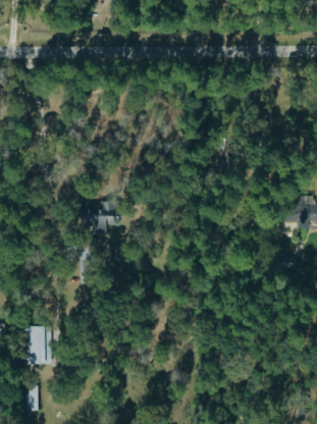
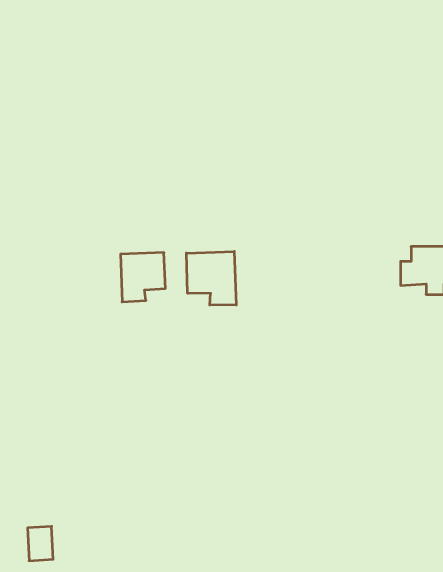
building: none -> [186,251,236,305]
building: [33,326,53,364] -> none

